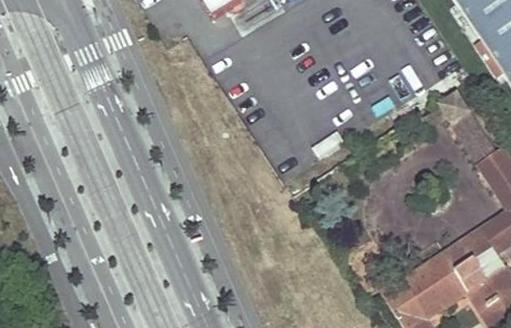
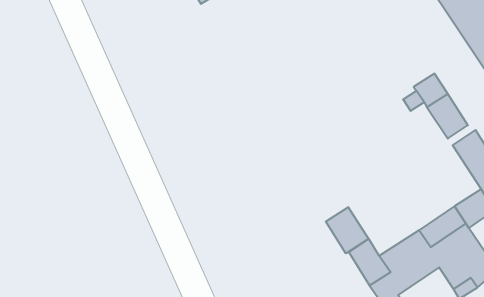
building: none -> [326,207,369,253]

